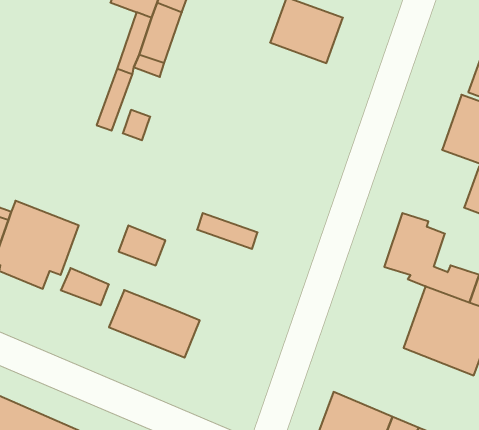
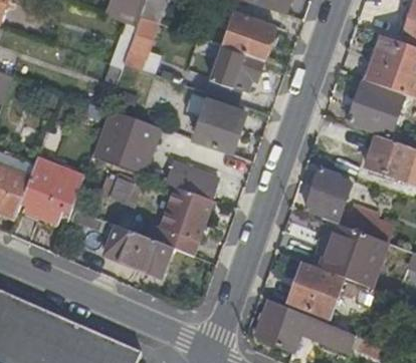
building: none -> [206,44,264,102]
building: none -> [186,92,245,148]
building: none -> [99,110,156,166]
building: none -> [155,186,214,256]
building: none -> [289,263,344,318]

